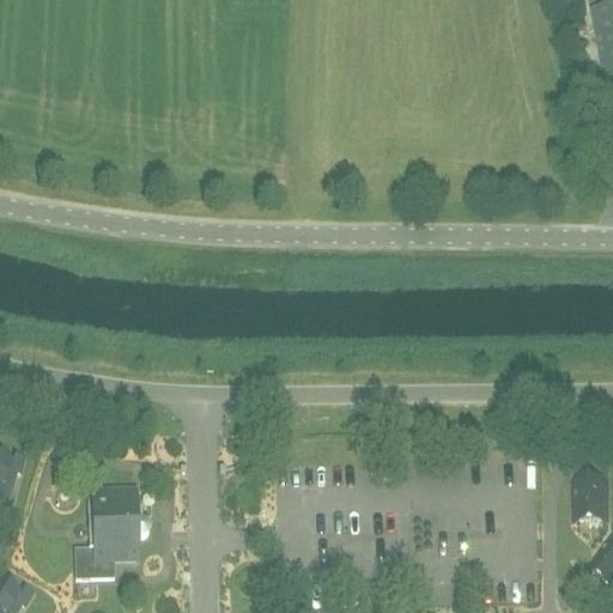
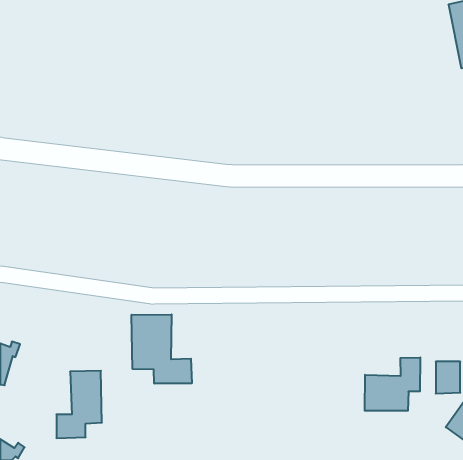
building: none -> [132,314,192,384]
building: none -> [365,357,420,411]

